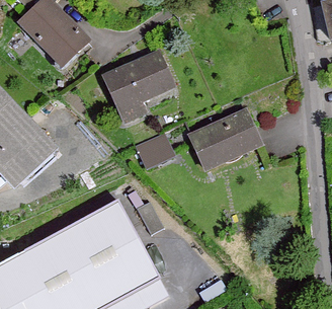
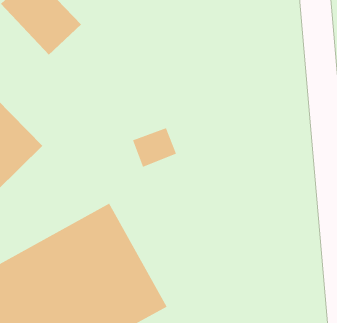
building: [105,51,177,111] -> none
building: [190,105,264,168] -> none

